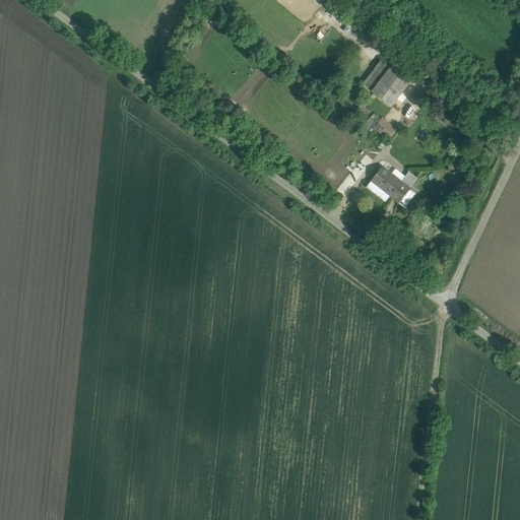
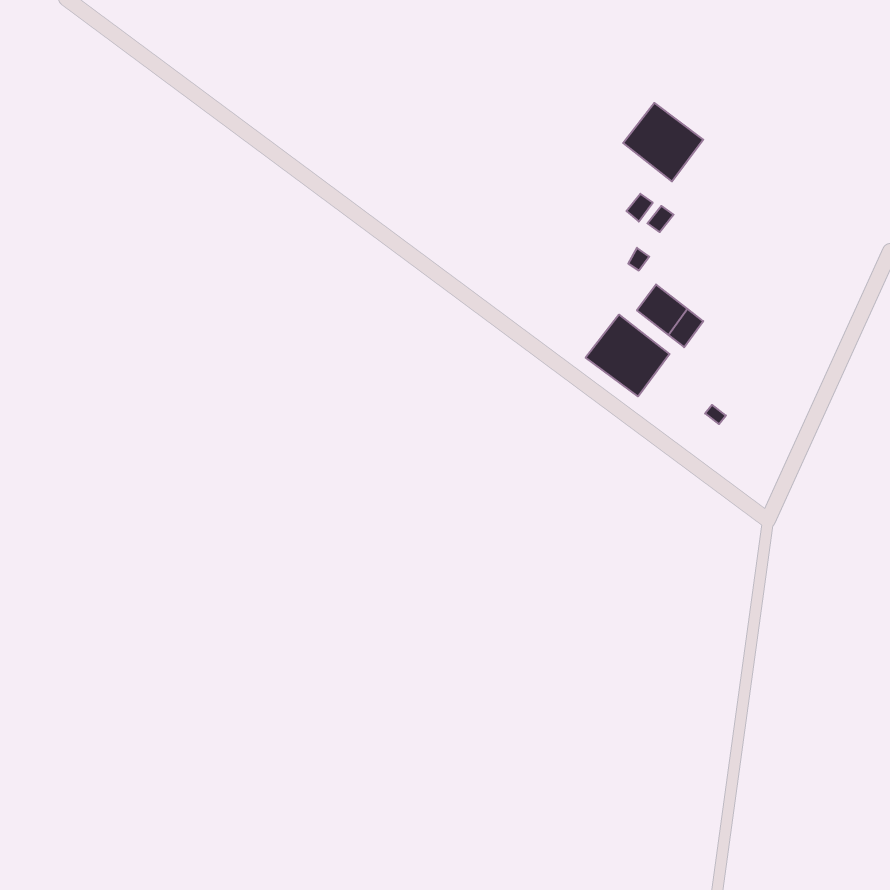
building: none -> [586,315,670,396]

